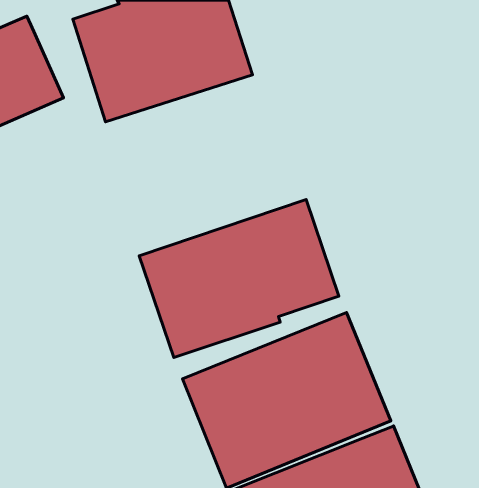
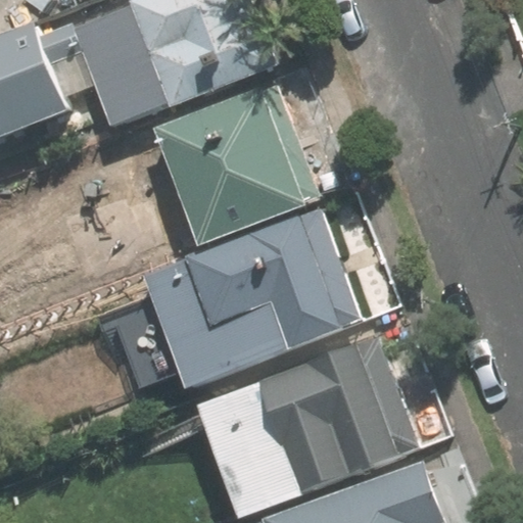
building: none -> [112,84,318,257]

